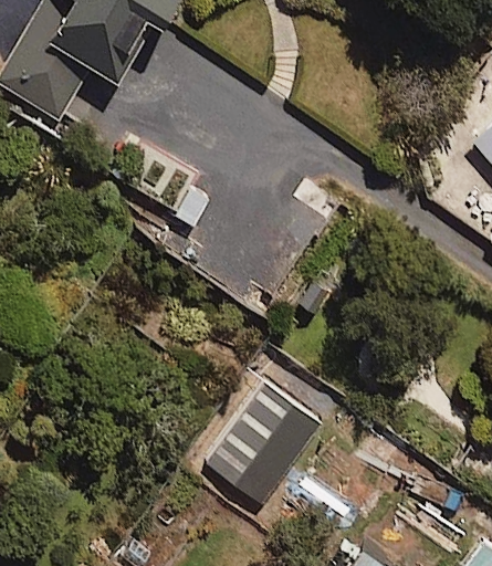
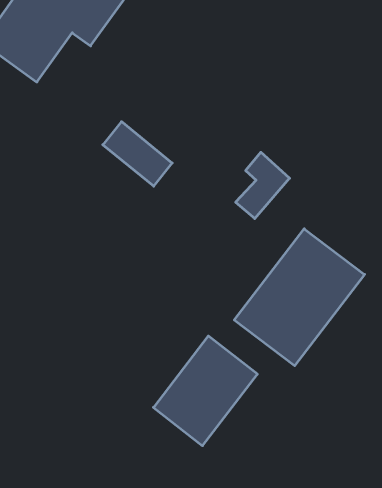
building: none -> [234,229,365,366]

